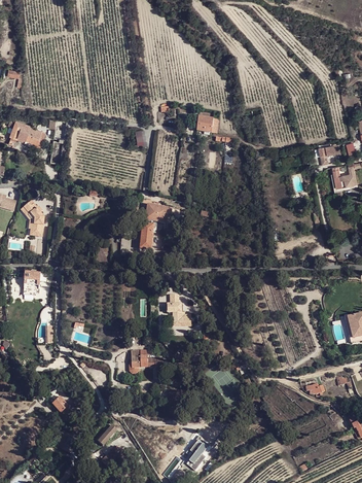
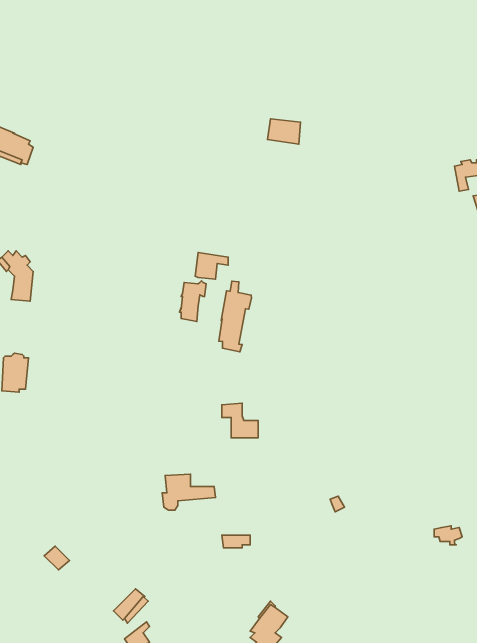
building: none -> [219,281,252,352]

